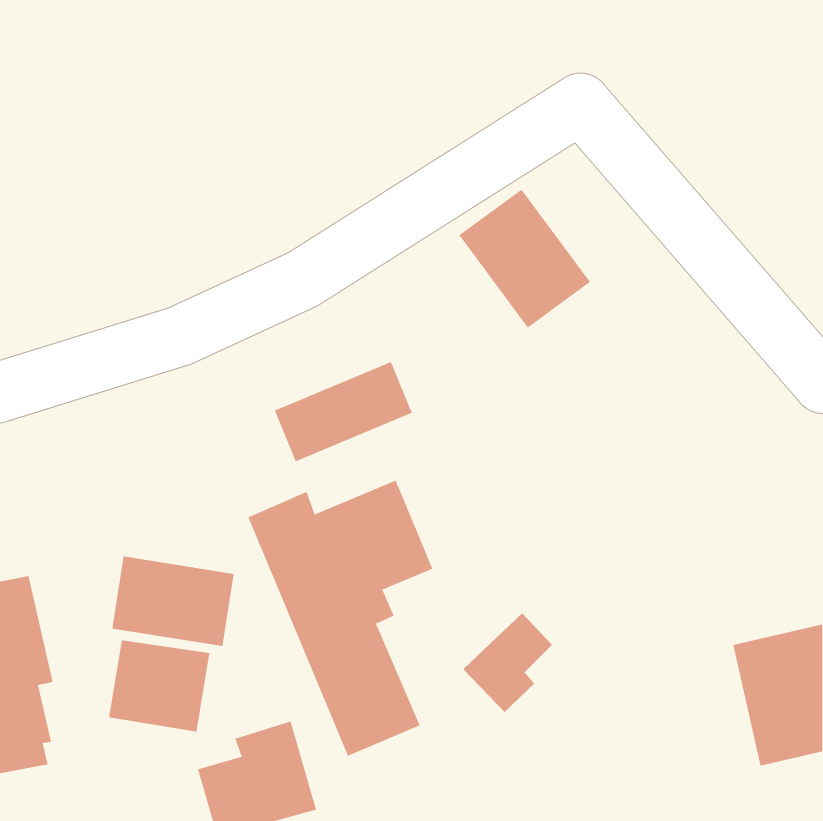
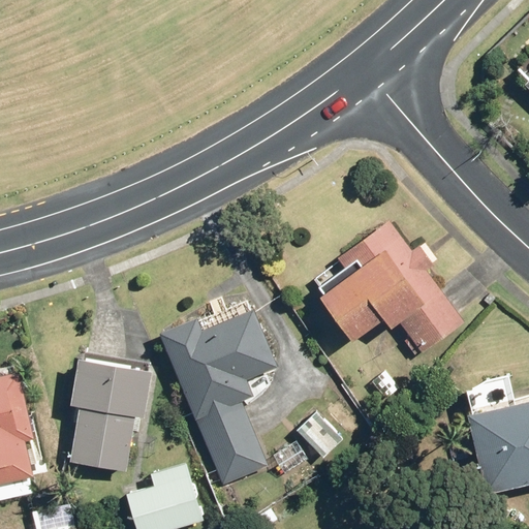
building: [459,189,591,328] -> none
building: none -> [319,221,464,353]
building: [274,361,413,462] -> none

